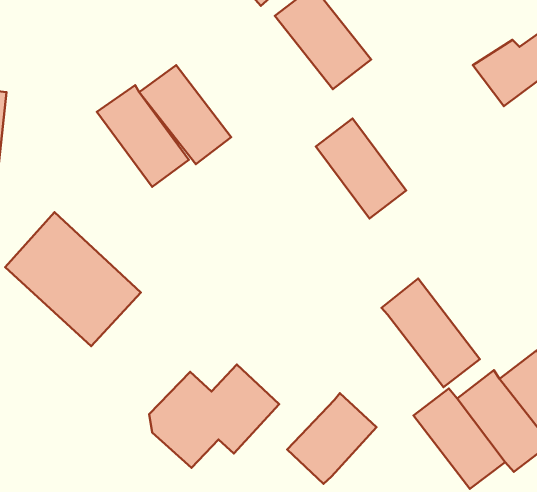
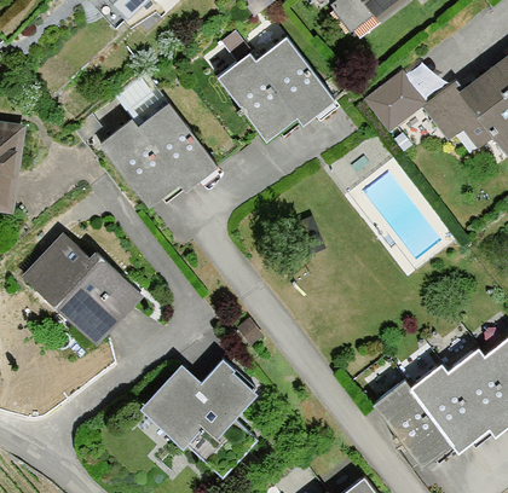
building: none -> [365,77,423,132]
building: [316,118,406,219] -> [219,57,296,143]
building: [382,279,480,387] -> none
building: [287,393,376,484] -> none

